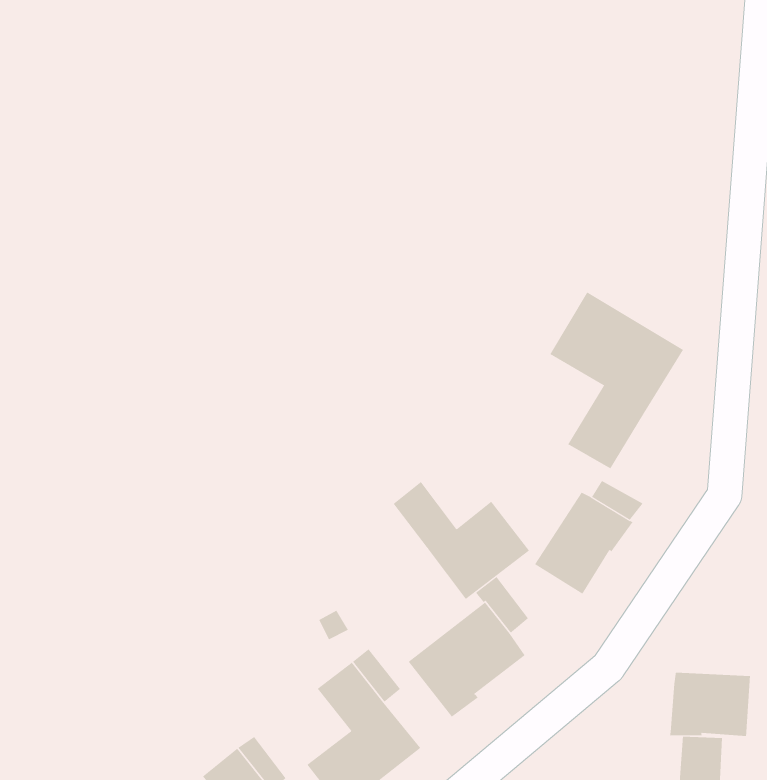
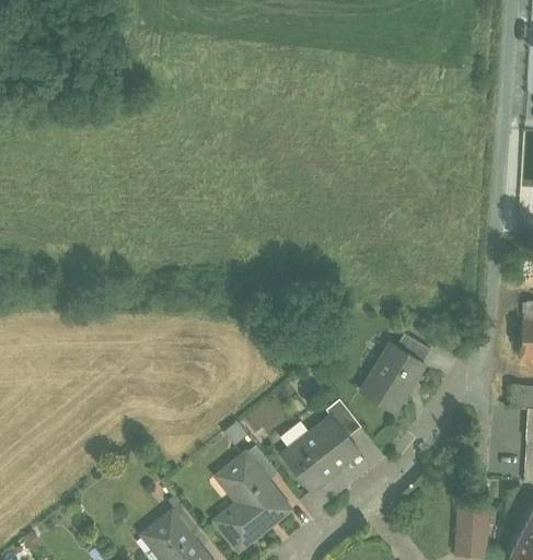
building: [550,291,684,469] -> none
building: [393,481,530,600] -> none
building: [670,672,751,737] -> none

